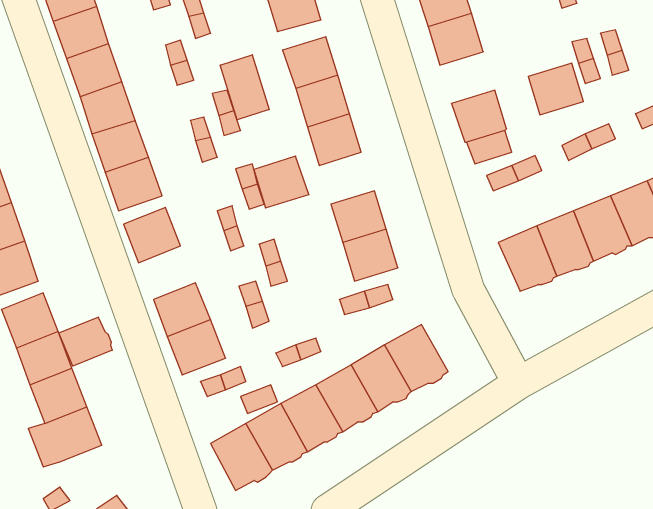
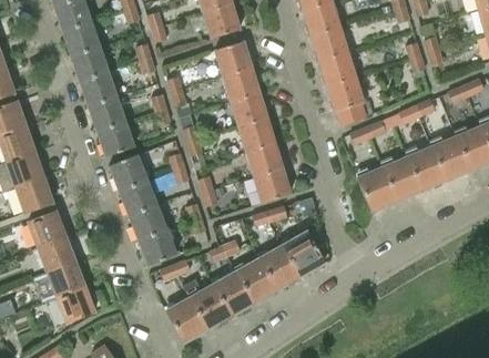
building: [220,55,269,120] -> none
building: [528,63,583,115] -> [318,51,355,85]
building: [254,156,309,208] -> [238,117,275,152]
building: none -> [119,180,156,215]
building: [59,317,112,366] -> none

